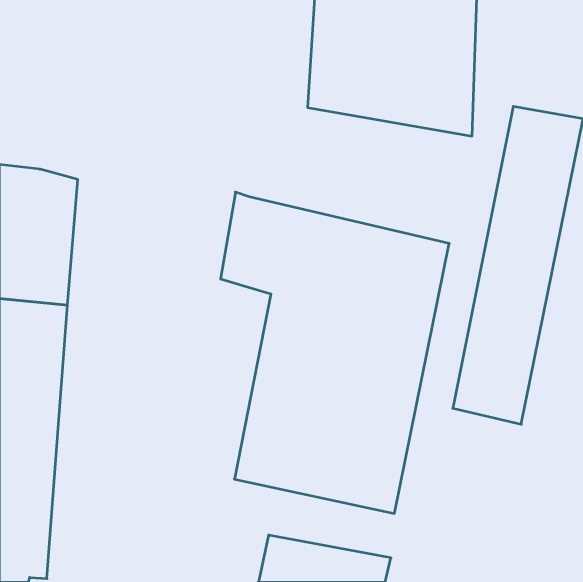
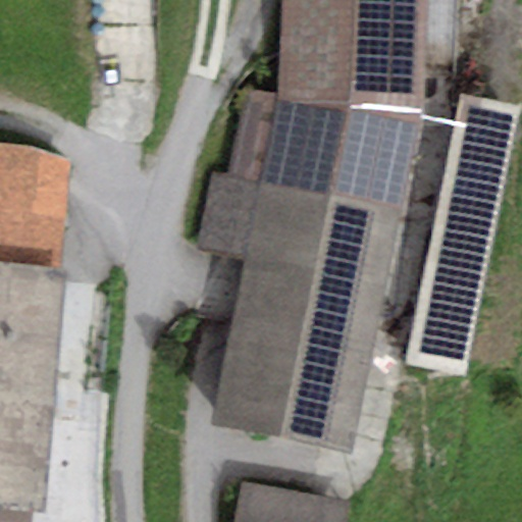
building: none -> [222,90,421,217]

